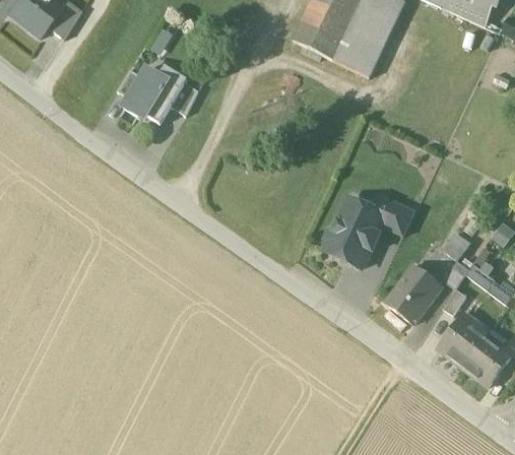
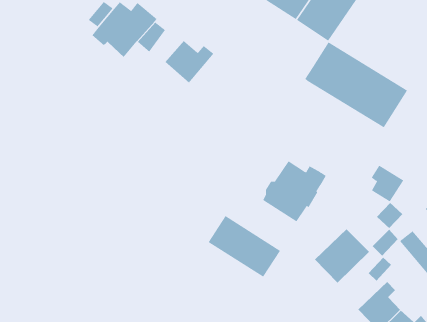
building: none -> [304,41,408,128]
building: none -> [164,40,214,84]
building: [380,198,414,235] -> [371,165,404,202]
building: none -> [208,215,281,278]

